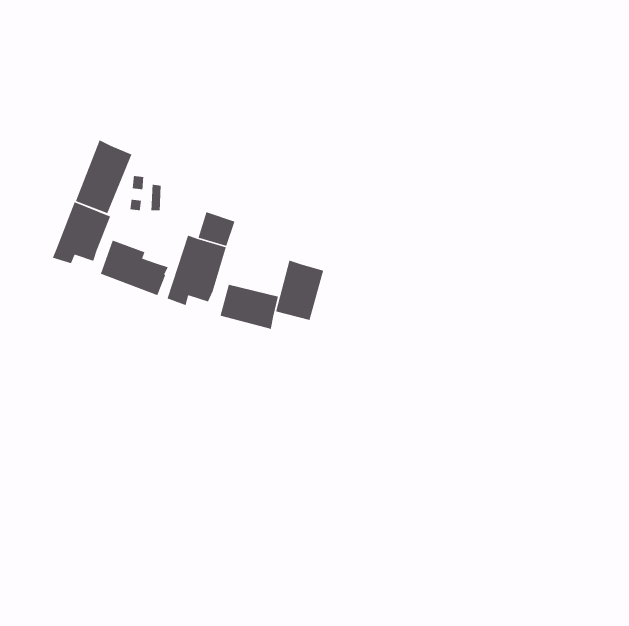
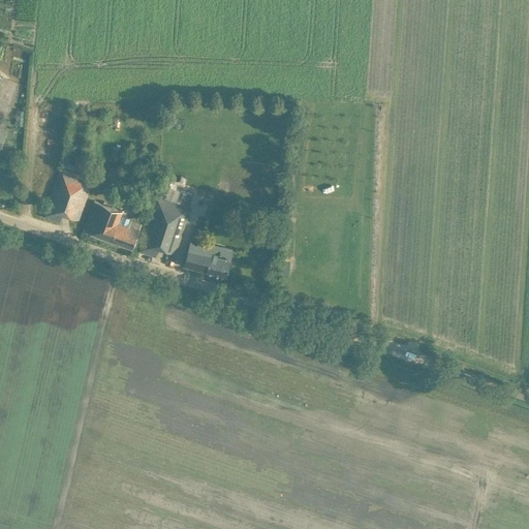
building: [75,139,132,214] -> none
building: [275,260,324,321] -> none

